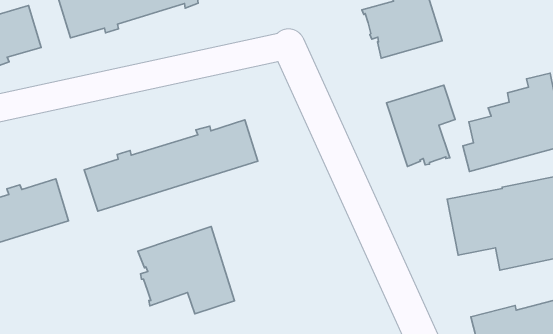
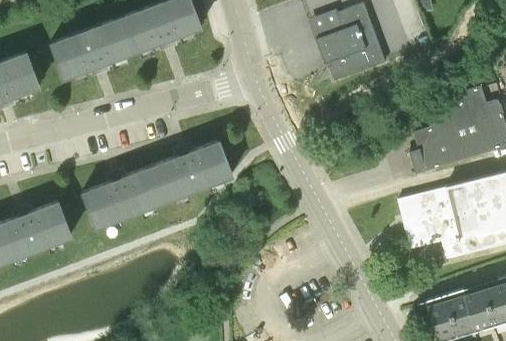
building: [386,85,455,167] -> none
building: [138,226,234,314] -> none

